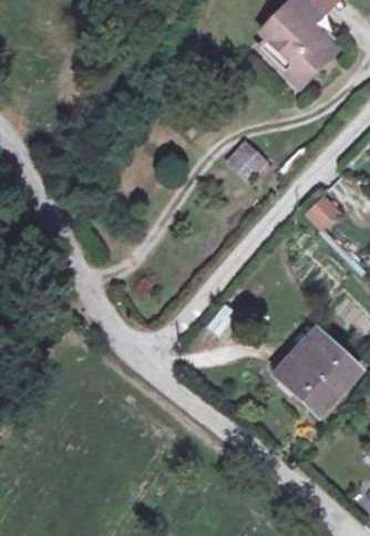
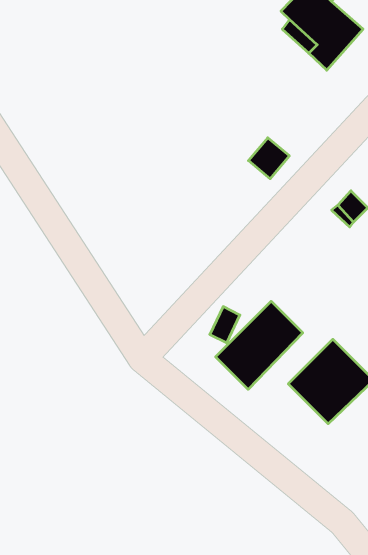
building: none -> [216,301,303,389]

